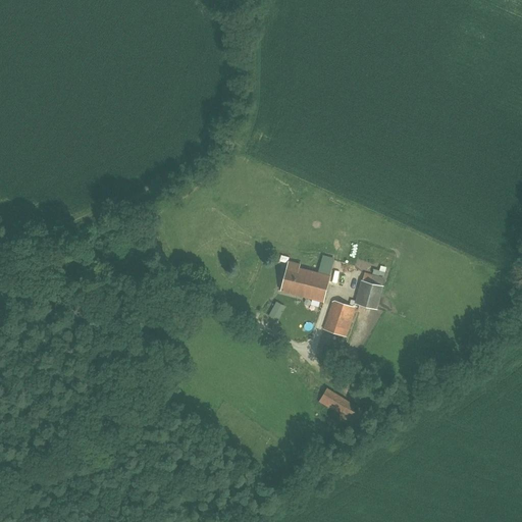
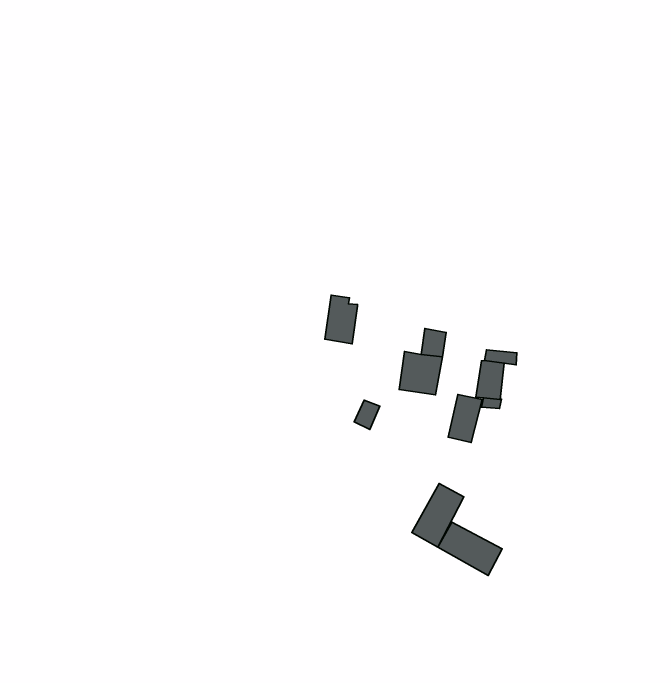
building: [281,260,306,295] -> [325,295,358,344]
building: none -> [412,483,464,547]

